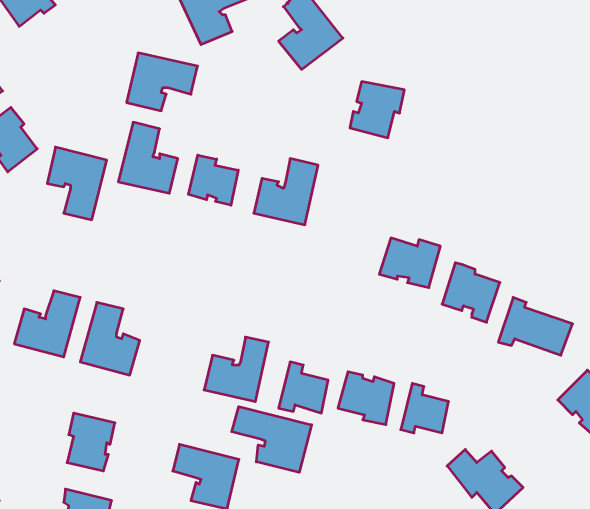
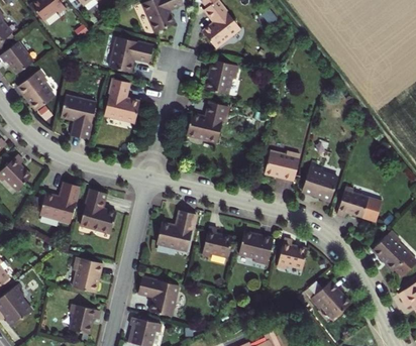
building: [350,82,404,138] -> [205,61,238,95]
building: [188,155,238,205] -> none
building: [232,407,312,472] -> none

